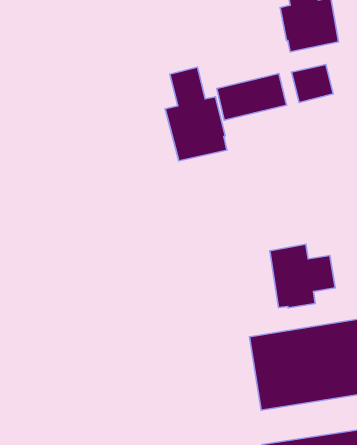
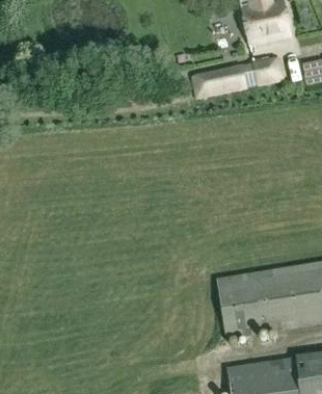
building: [165,67,227,161] -> none
building: [270,244,335,308] -> none

